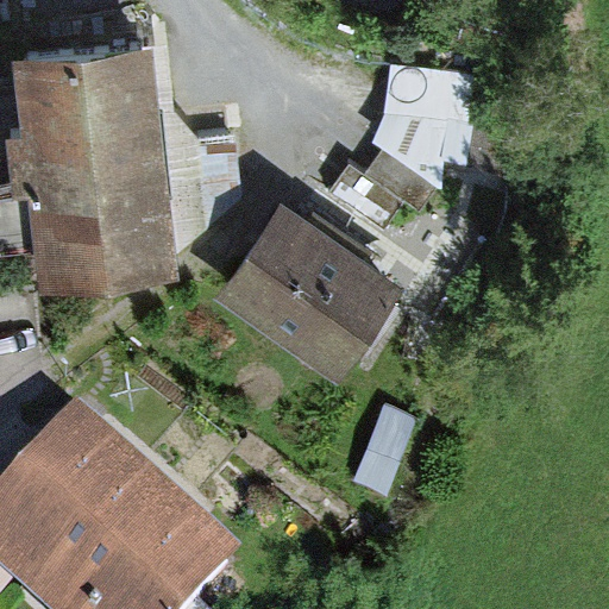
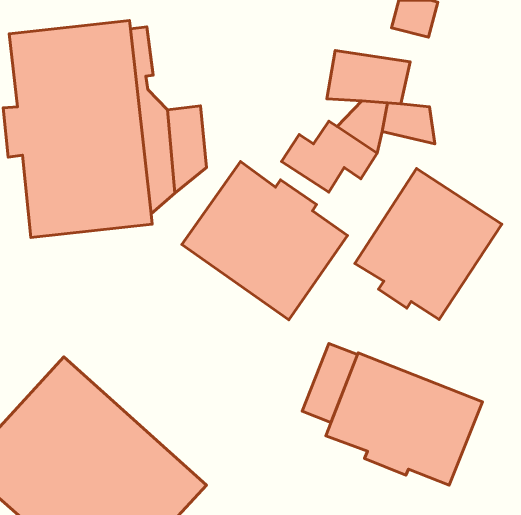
building: none -> [355,169,502,320]
building: none -> [326,353,482,485]

